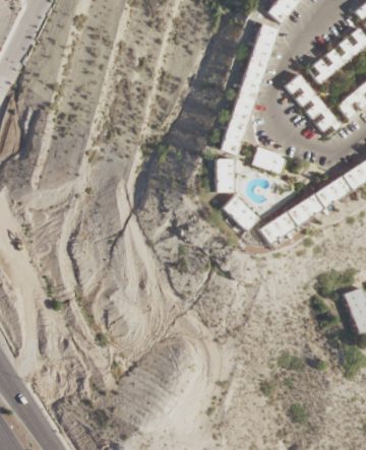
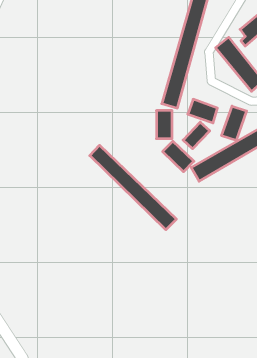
building: none -> [222,106,247,141]
building: none -> [183,122,210,149]
building: none -> [90,145,176,230]

